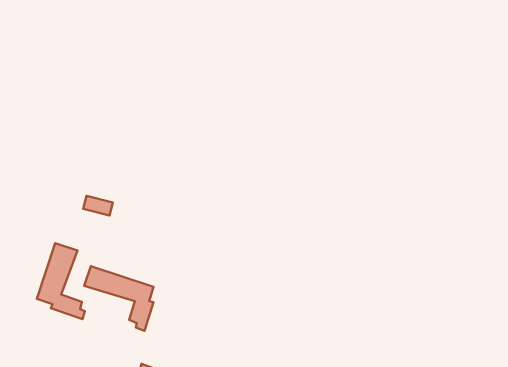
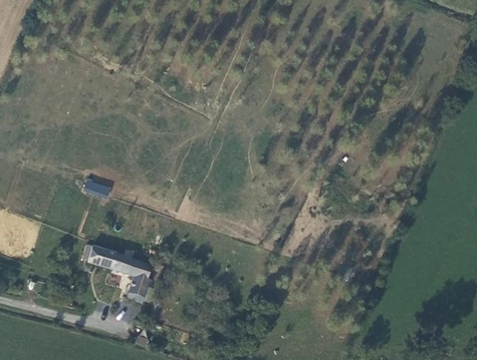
building: [37,243,85,319] -> none

